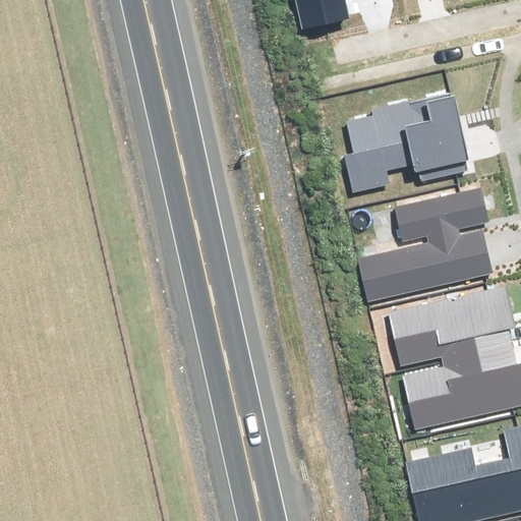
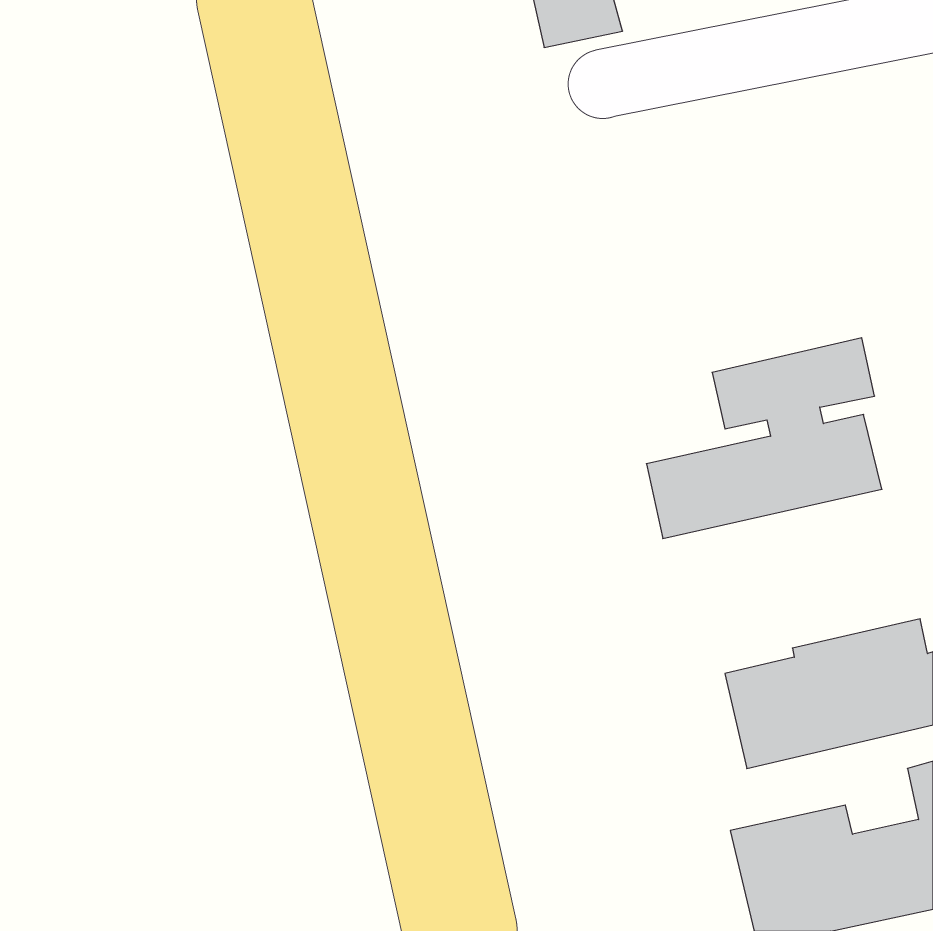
building: [344,94,468,191] -> none
building: [390,285,514,363] -> none

